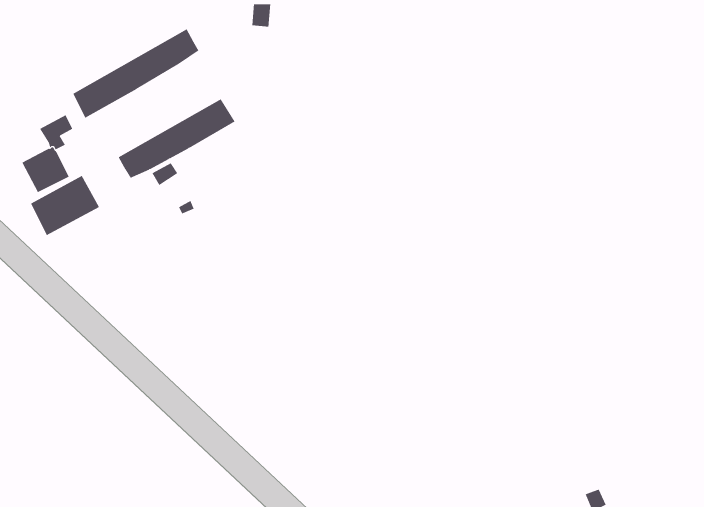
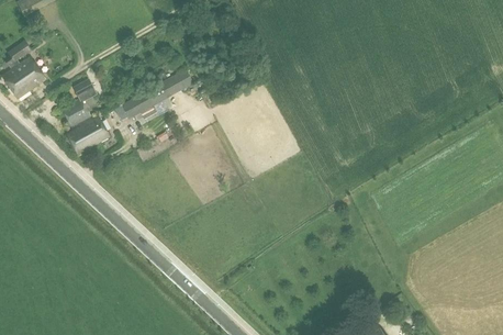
building: [72,29,199,118] -> none

